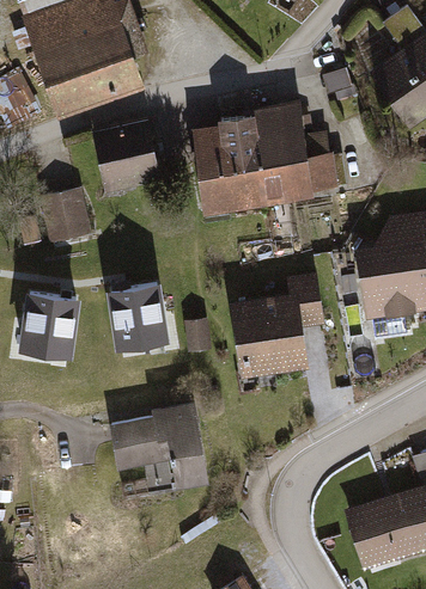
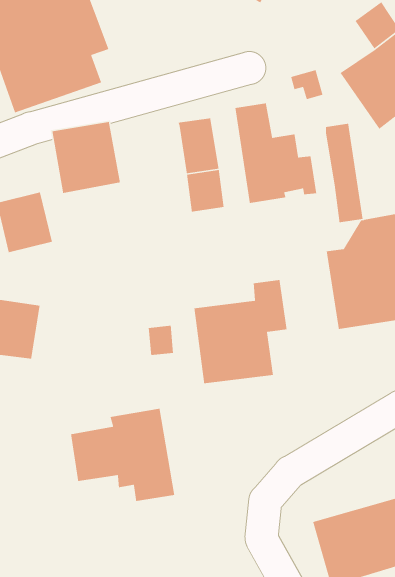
building: [245,108,282,204] -> [325,123,364,223]
building: [190,125,226,213] -> none
building: [116,283,171,343] -> none

